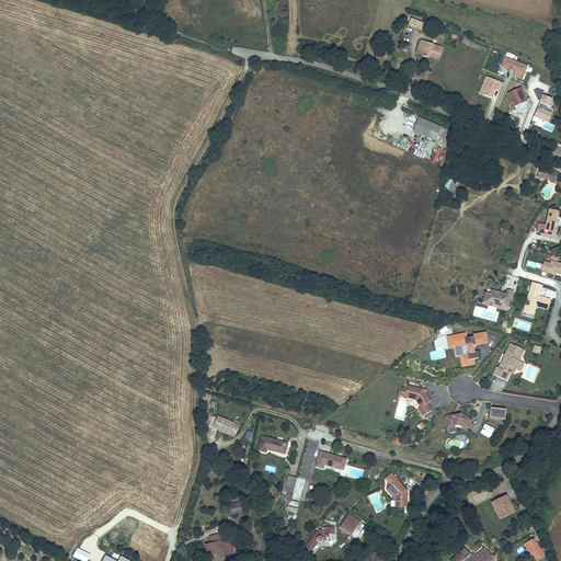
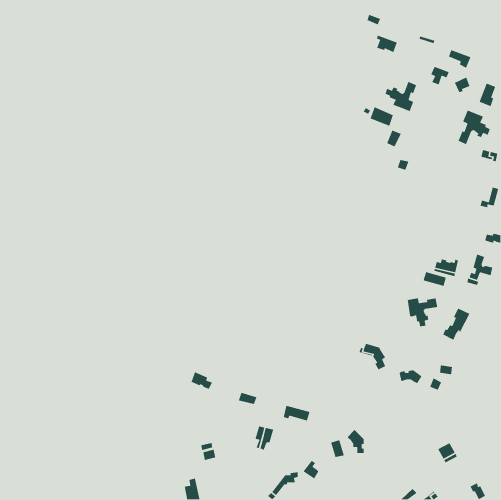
building: none -> [384,81,417,112]
building: none -> [457,109,491,145]

